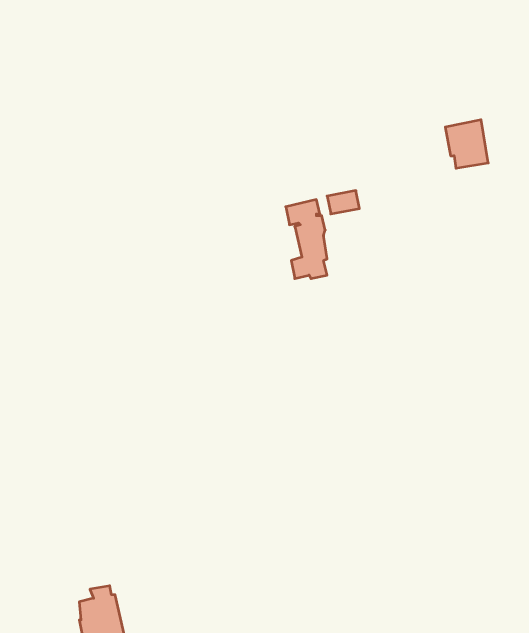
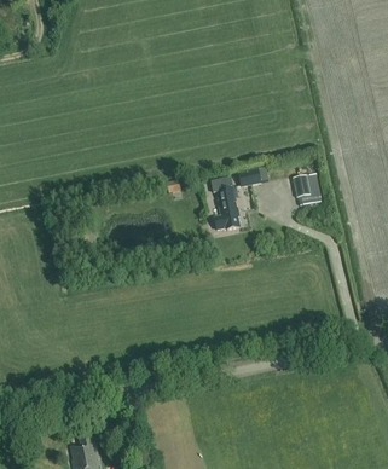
building: [445,120,488,168] -> [291,173,320,205]

